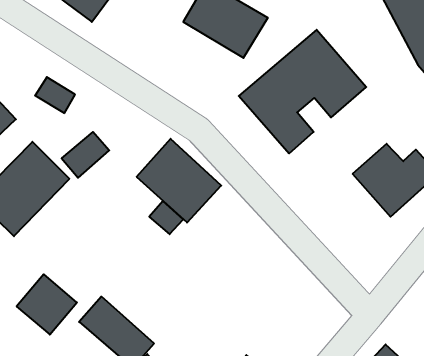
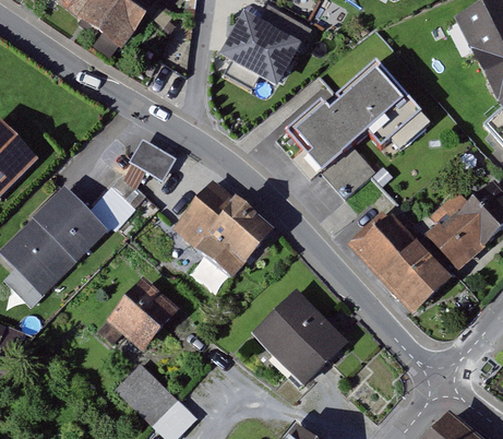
building: [35,77,75,113] -> [125,135,170,176]
building: none -> [351,212,450,311]
building: none -> [254,289,345,380]
building: [17,274,77,335] -> [109,281,177,348]

